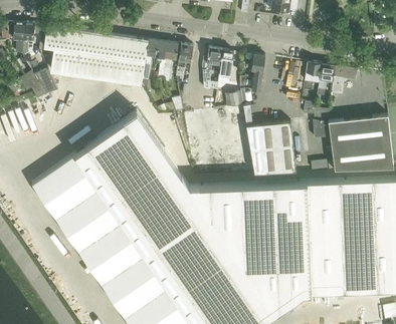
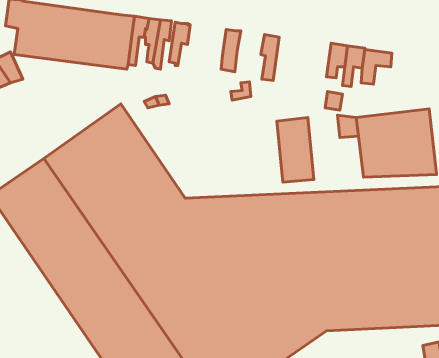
building: [202,48,222,73] -> none
building: [244,114,268,174] -> none

